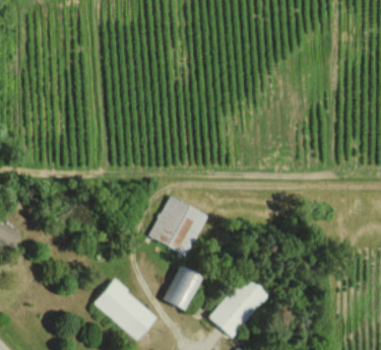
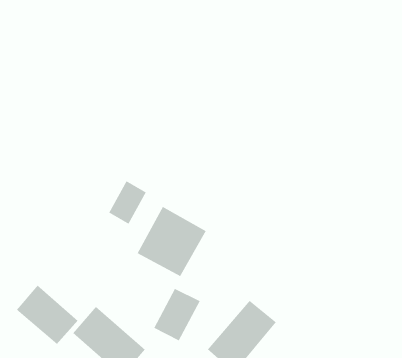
building: none -> [108,180,147,225]
building: none -> [16,284,78,345]

